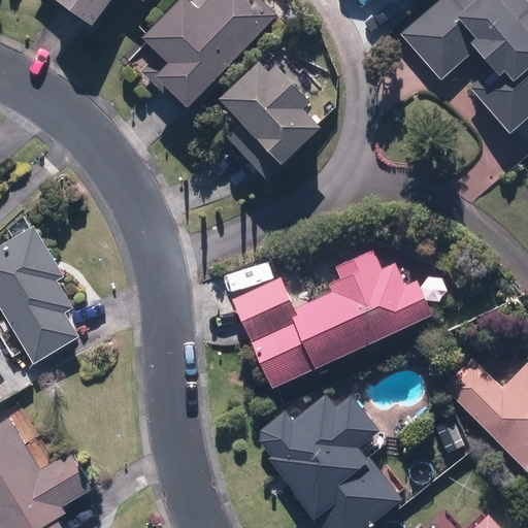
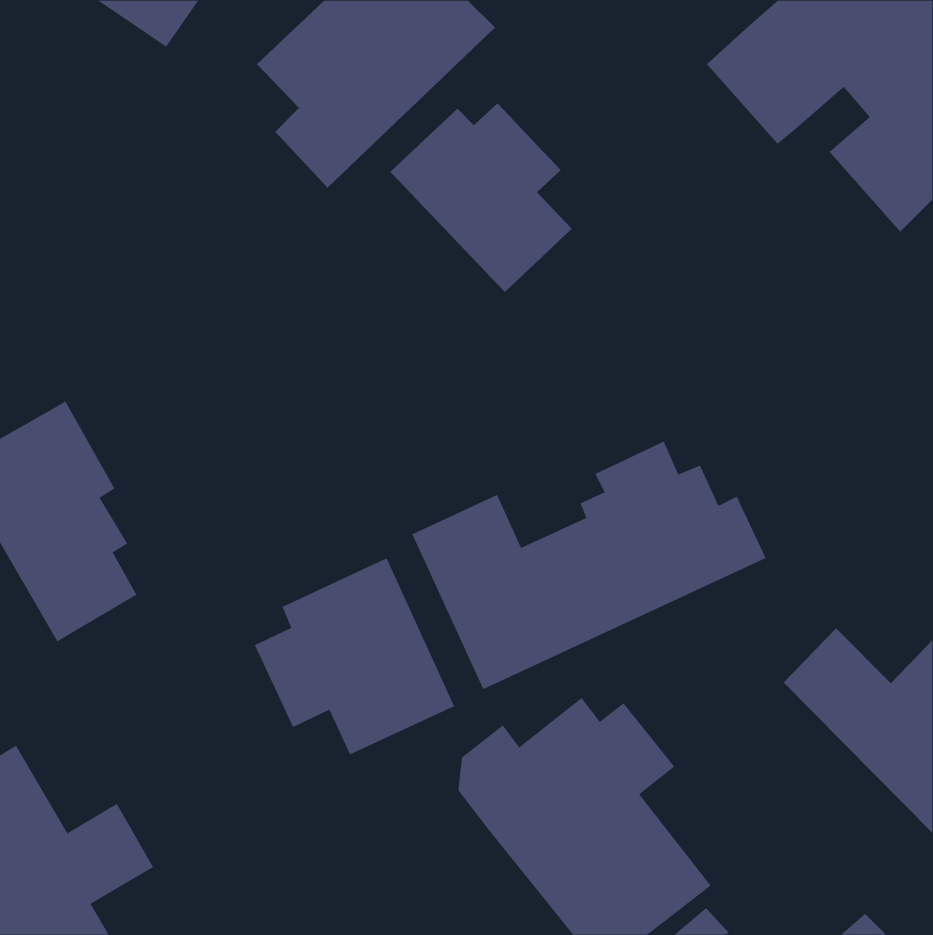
building: none -> [254,558,455,755]

